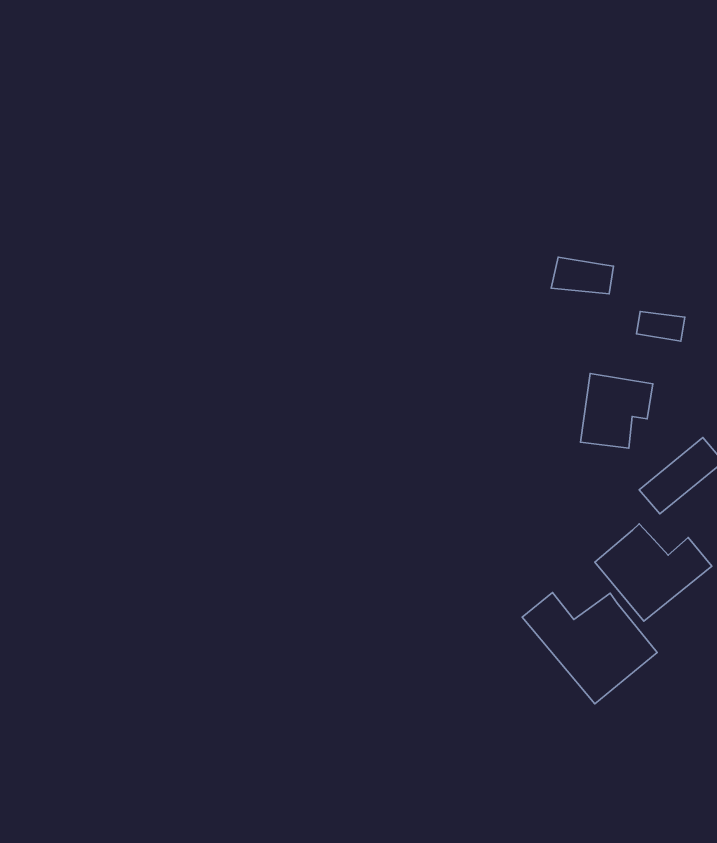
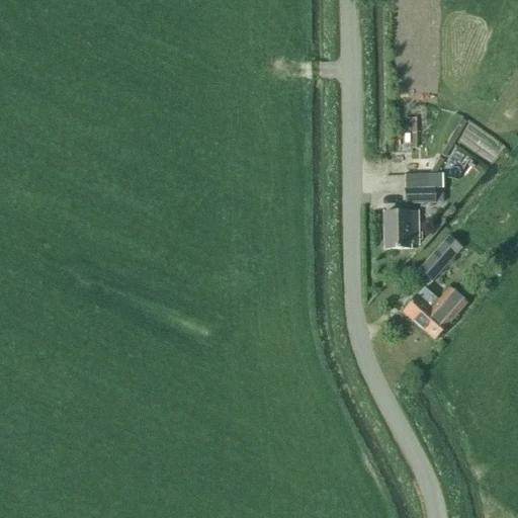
building: [551,257,614,294] -> [405,185,436,202]
building: [522,592,657,704] -> none

